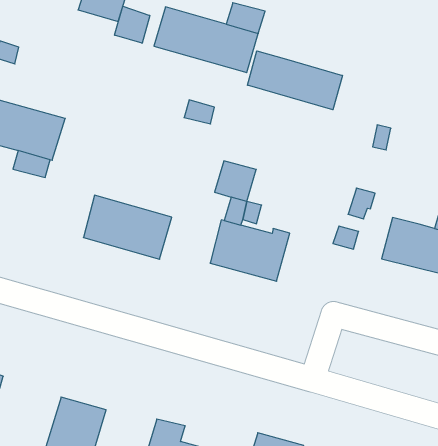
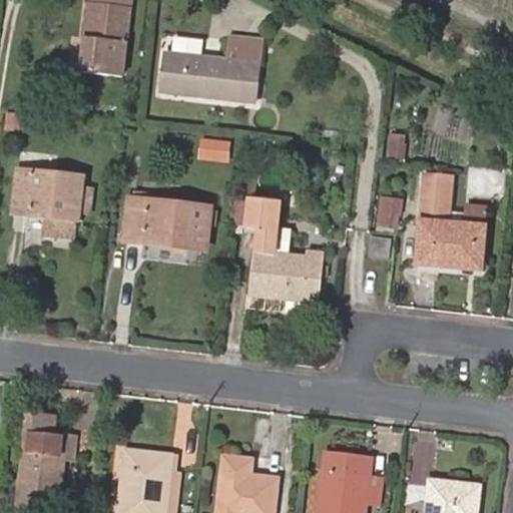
building: [115,6,150,43] -> none
building: [247,51,342,110] -> none
building: none -> [421,173,452,222]
building: [83,195,172,259] -> [125,197,208,249]

